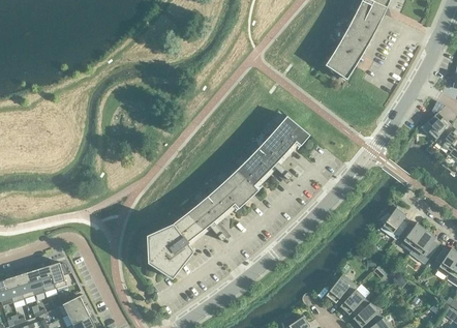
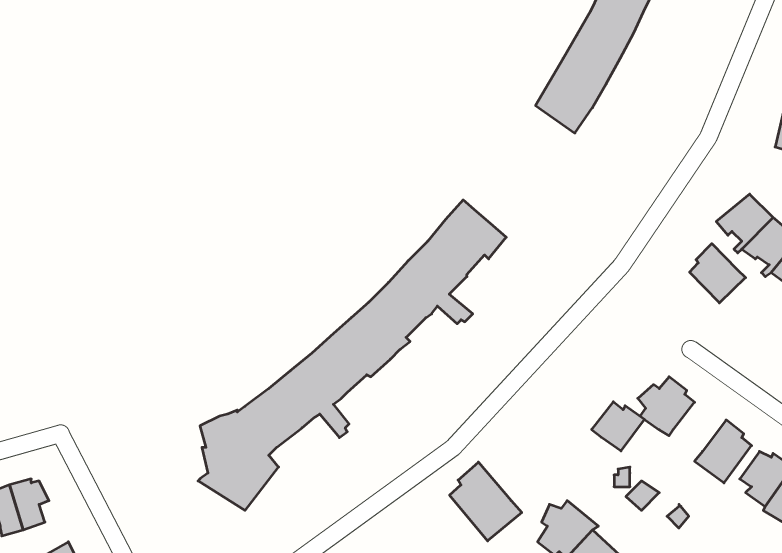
building: none -> [690,244,746,303]
building: [397,221,425,247] -> [592,402,645,451]
building: none -> [450,462,522,541]

